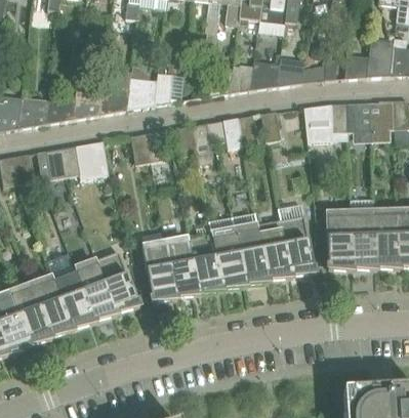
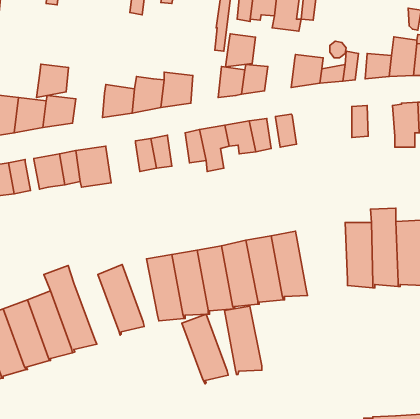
building: [251,58,279,89] -> [226,34,255,67]
building: [73,88,103,119] -> [36,64,68,97]
building: [346,102,372,131] -> none
building: [303,103,333,140] -> none
building: [280,215,315,279] -> [224,306,262,375]
building: [74,259,117,324] -> [182,314,228,384]

